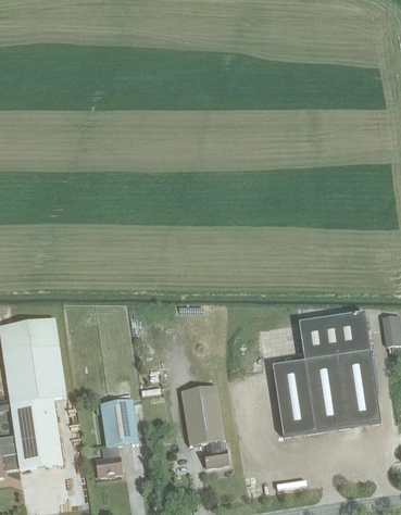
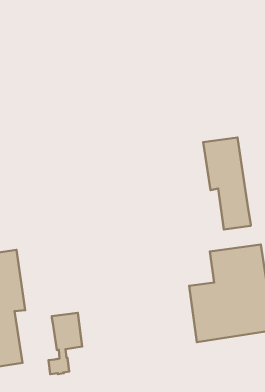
building: none -> [203,138,251,229]
building: [180,385,228,466] -> none

